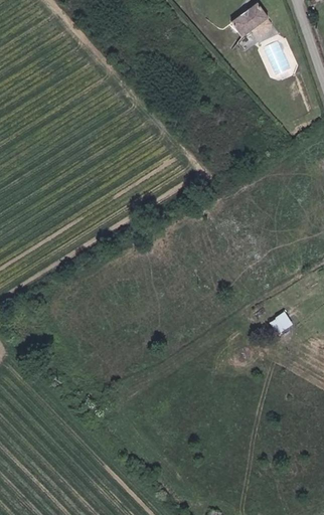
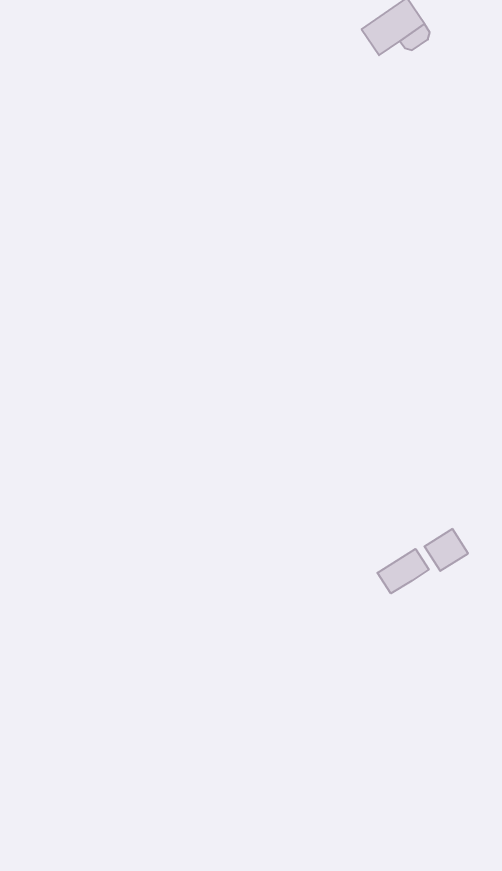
building: none -> [377,549,429,593]

